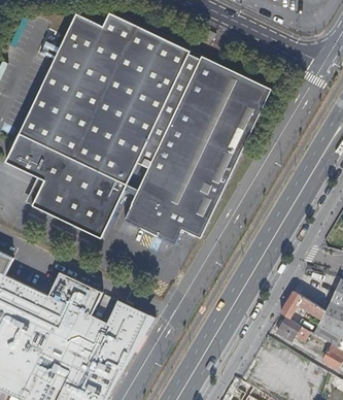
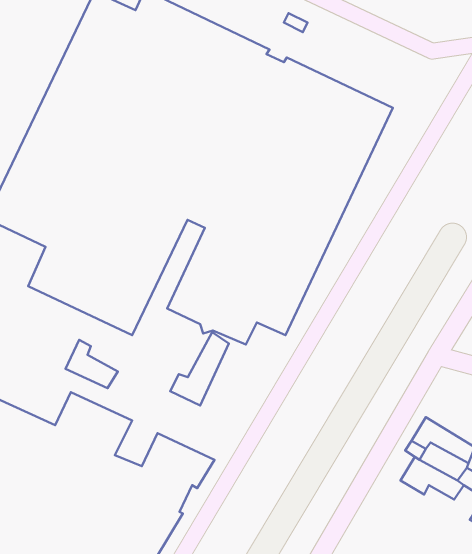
building: none -> [170,332,229,406]
building: none -> [66,340,118,388]

